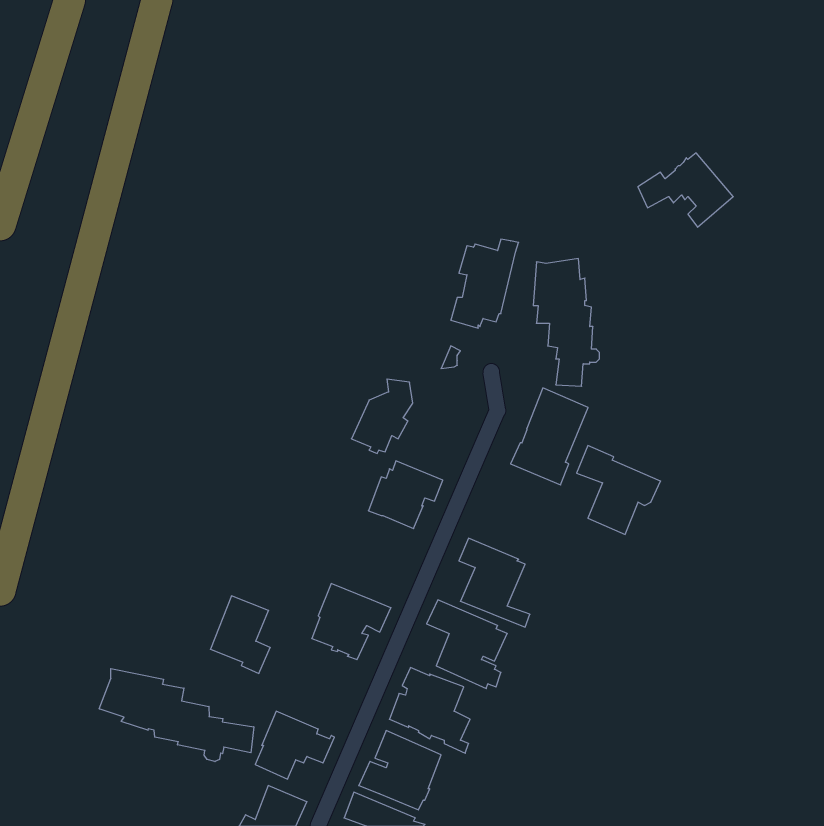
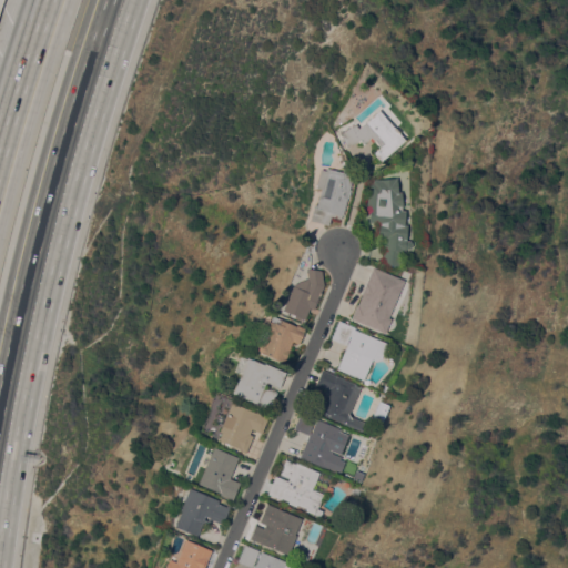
building: [638,153,733,227] -> [341,110,406,161]
building: [351,379,413,453] -> [283,268,325,320]
building: [577,446,661,534] -> [331,320,388,381]
building: none -> [234,358,286,408]
building: [210,596,270,673] -> [200,447,241,500]
building: [99,669,254,762] -> none

